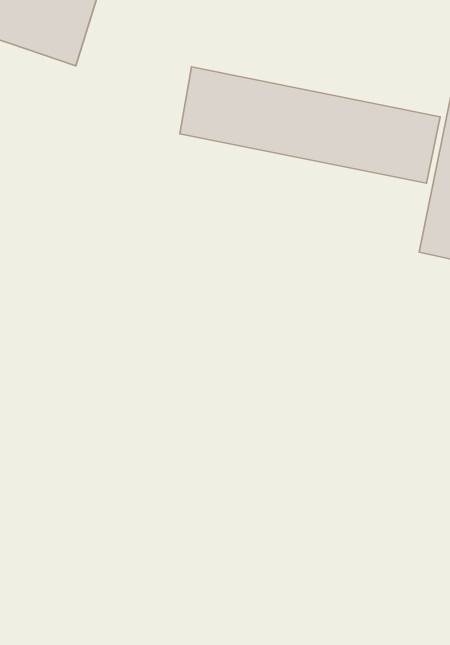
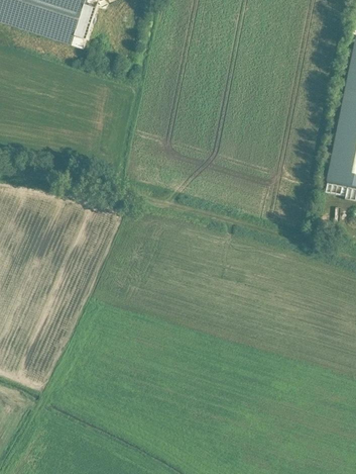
building: [180,67,440,183] -> none

